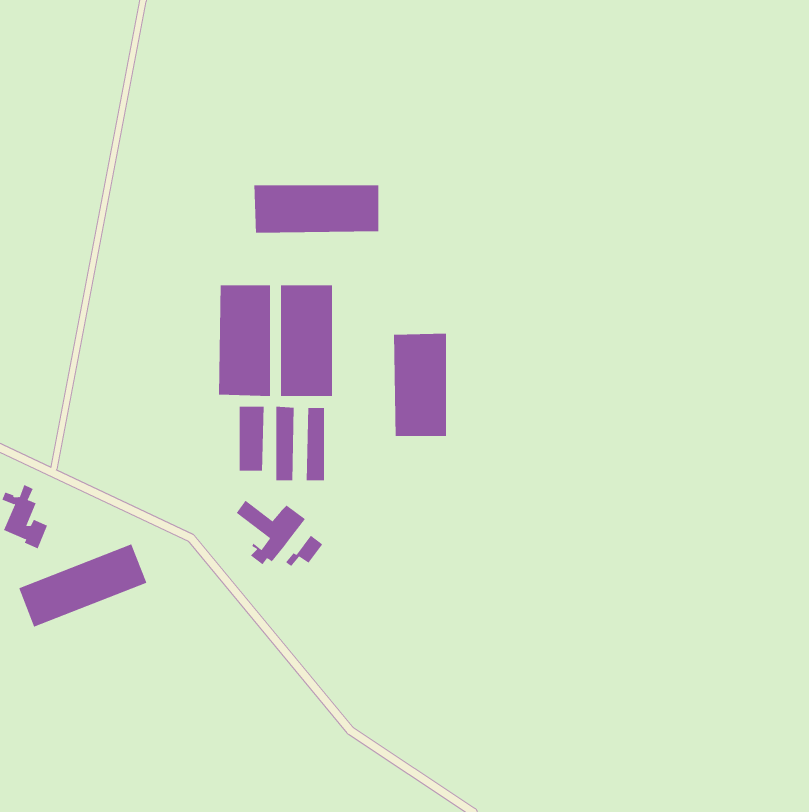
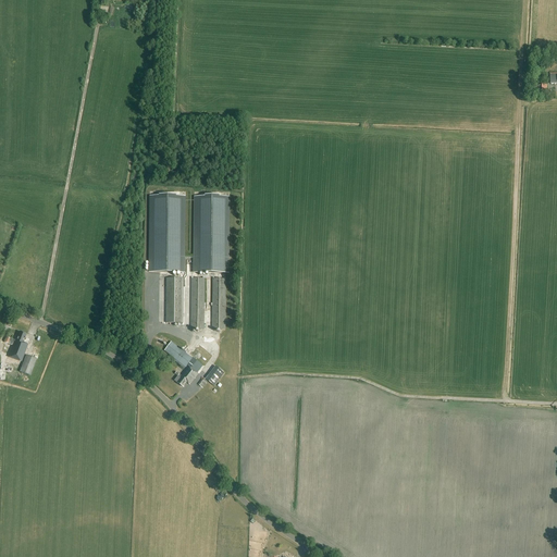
building: [254,185,379,233] -> none
building: [393,333,446,437] -> none
building: [18,544,147,627] -> none

